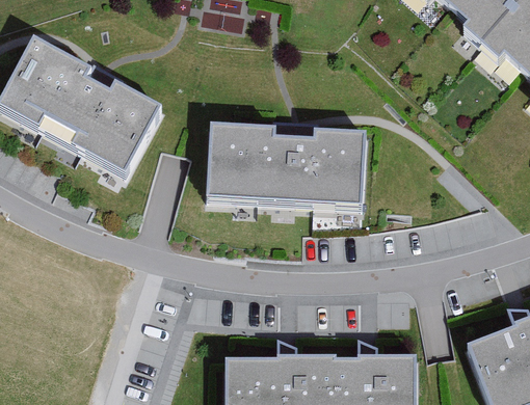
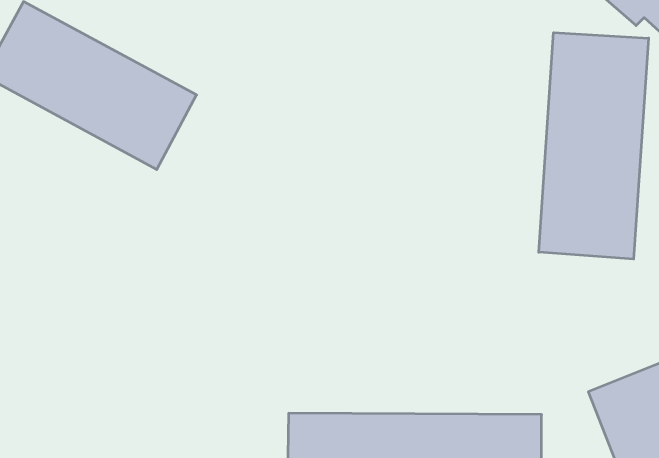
building: none -> [539,33,649,259]
building: [206,129,364,206] -> none

